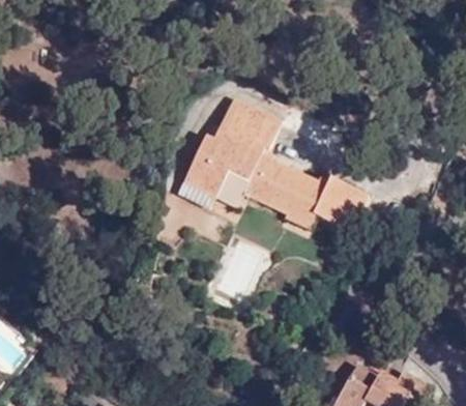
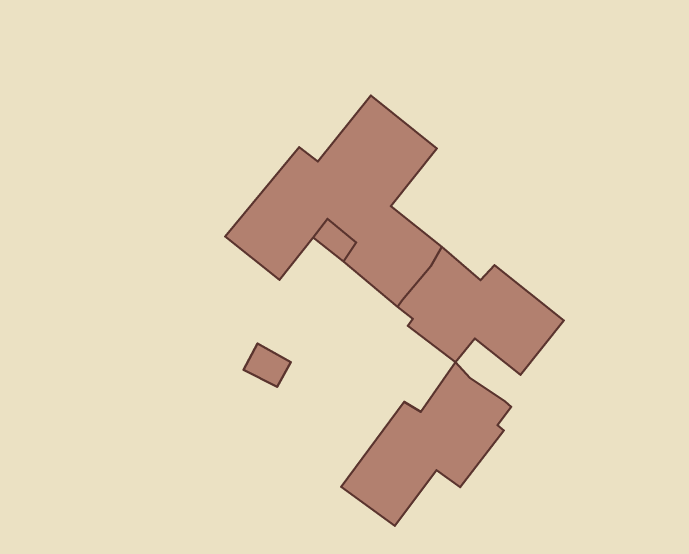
building: none -> [341,362,511,526]

